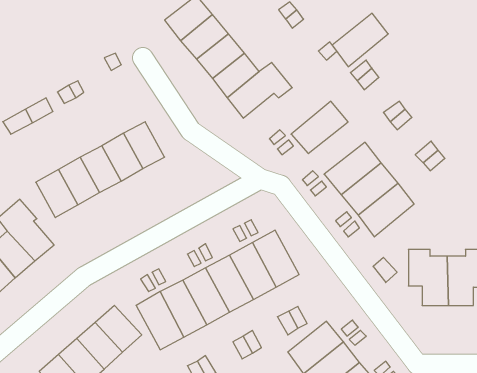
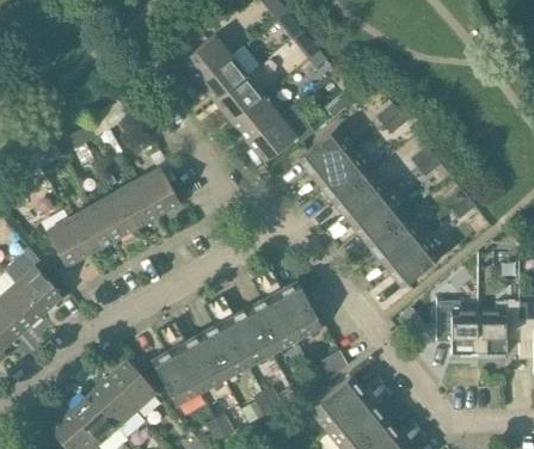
building: [332,13,388,67] -> [296,124,355,180]
building: none -> [331,167,391,222]

